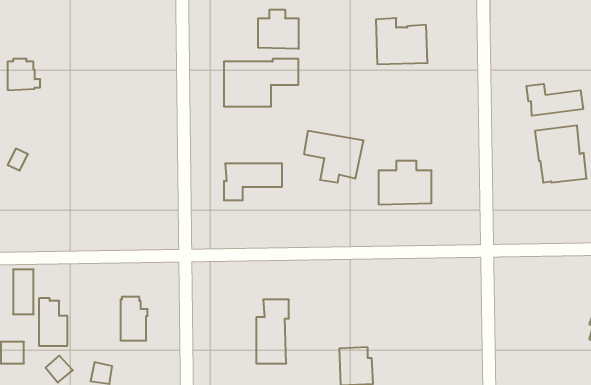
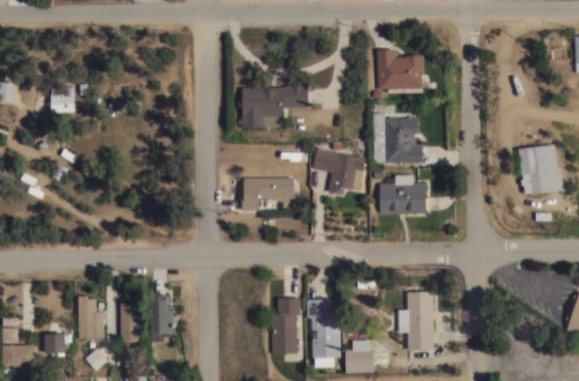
building: [258,10,299,49] -> none
building: [527,84,583,116] -> none
building: none -> [373,113,423,162]
building: [13,269,34,314] -> [120,302,138,341]
building: none -> [397,291,433,350]
building: none -> [307,298,341,367]

